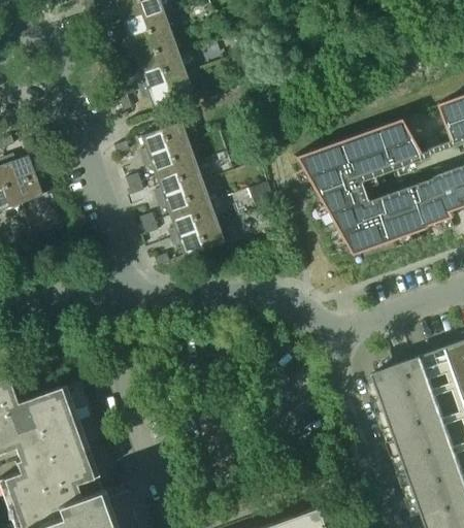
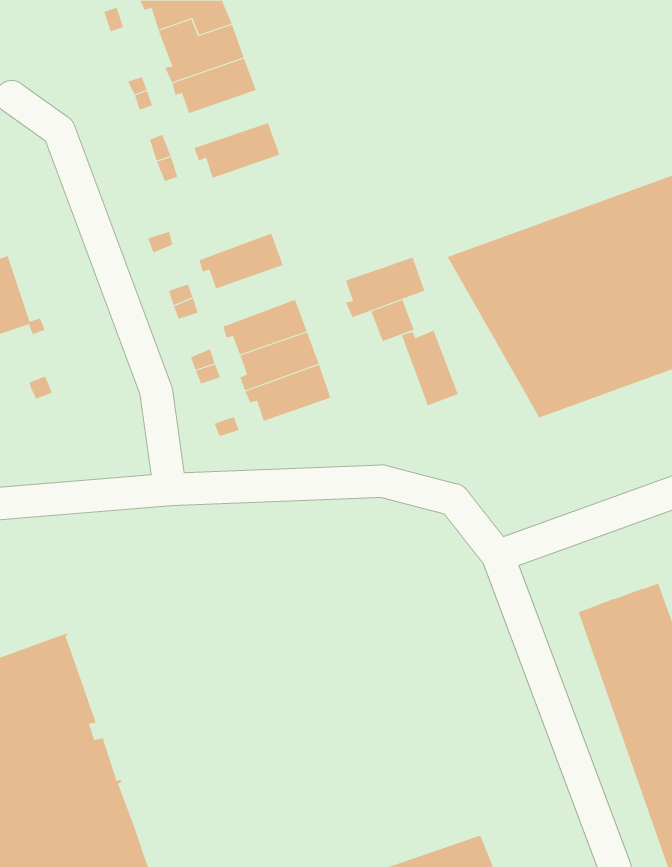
building: [138,56,187,91] -> none
building: [140,122,189,159] -> none
building: [155,162,203,199] -> [345,257,425,318]
building: none -> [401,330,459,406]

